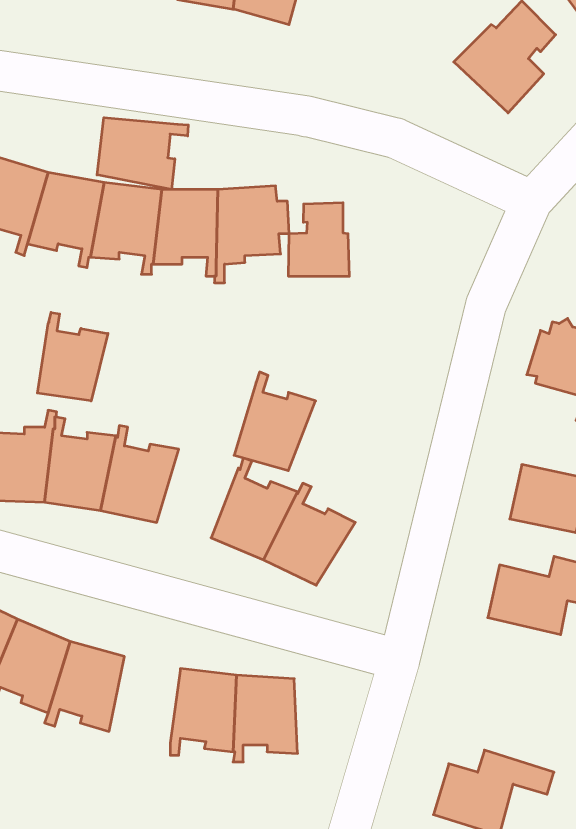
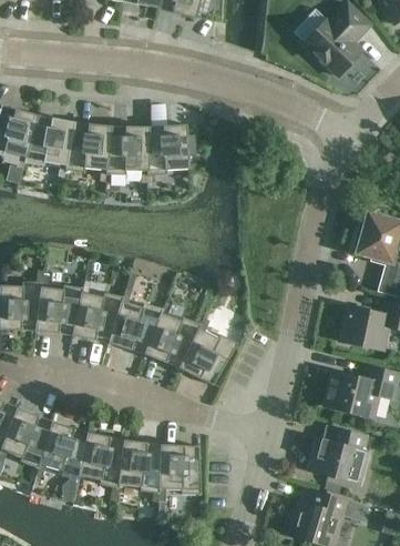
building: [97,118,188,189] -> none
building: [289,203,349,276] -> none
building: [37,312,108,401] -> none
building: [234,372,316,471] -> [109,289,162,353]
building: none -> [307,425,371,482]
building: none -> [76,431,124,487]

